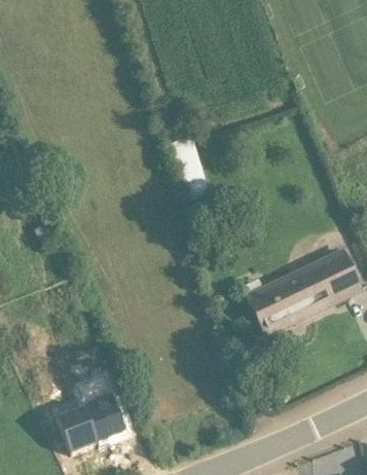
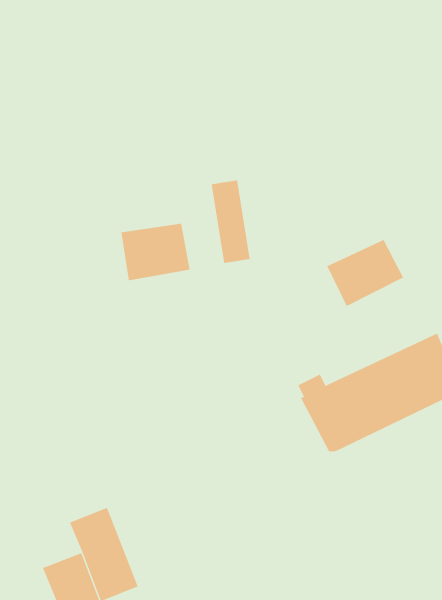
building: none -> [121,223,190,281]
building: none -> [327,239,404,307]

